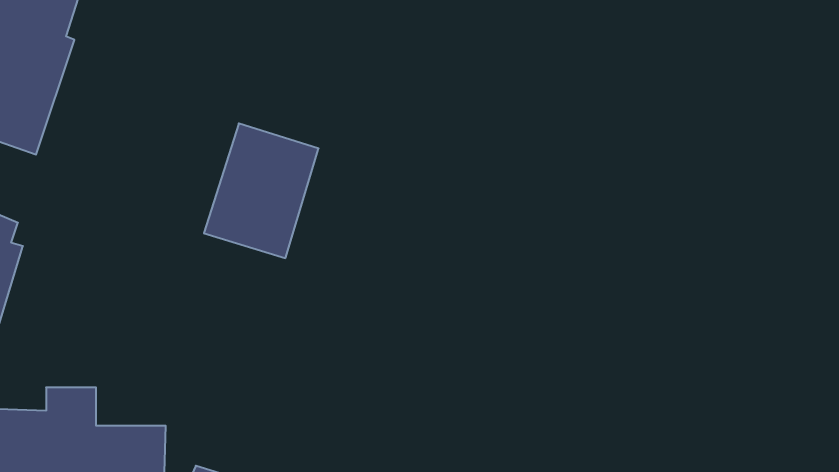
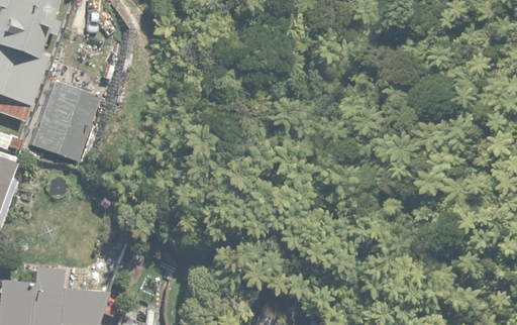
building: [204,123,319,258] -> [31,81,101,163]

